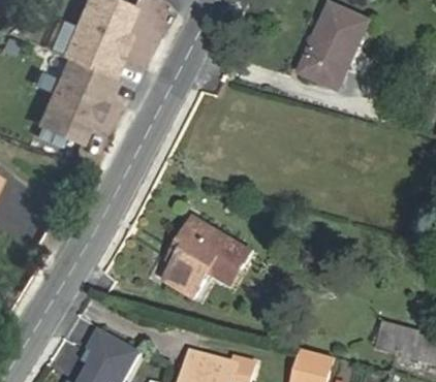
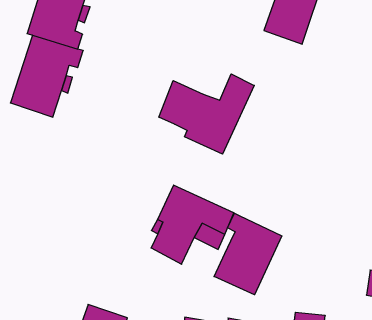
building: none -> [159,74,254,154]
building: none -> [214,213,282,295]

